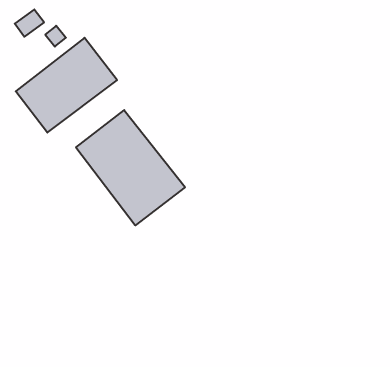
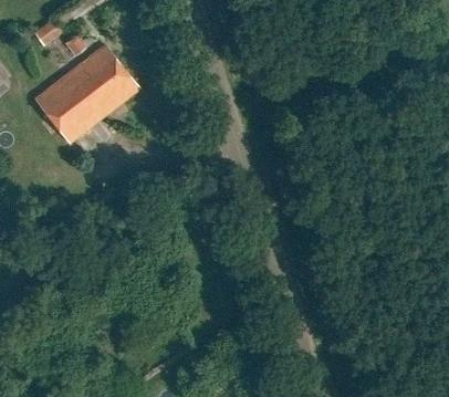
building: [76,110,185,225] -> none

